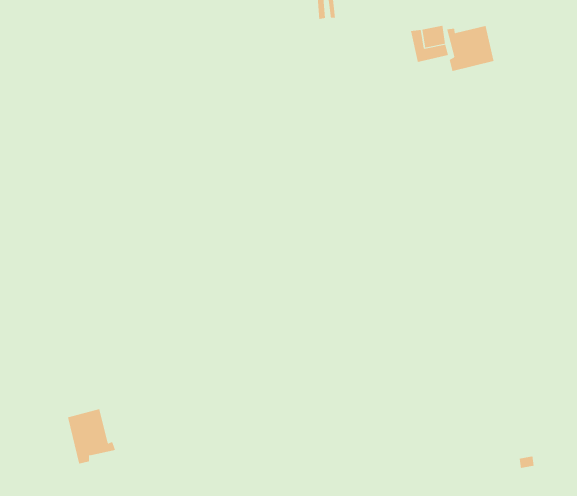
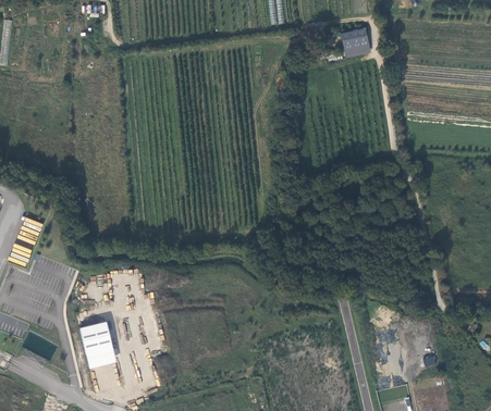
building: [446,25,494,72] -> none

